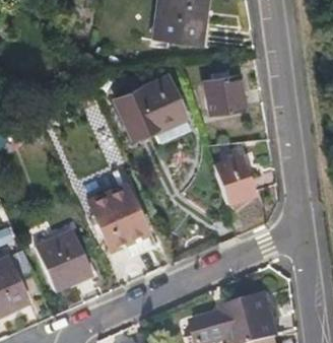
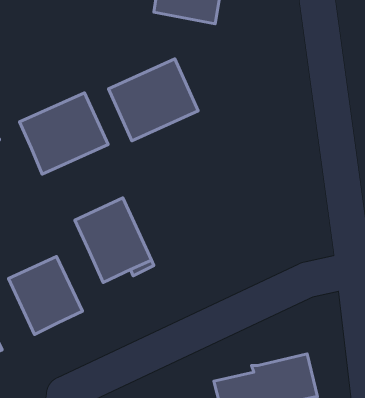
building: [201,72,242,115] -> none
building: none -> [20,93,108,174]
building: [213,153,254,202] -> none

